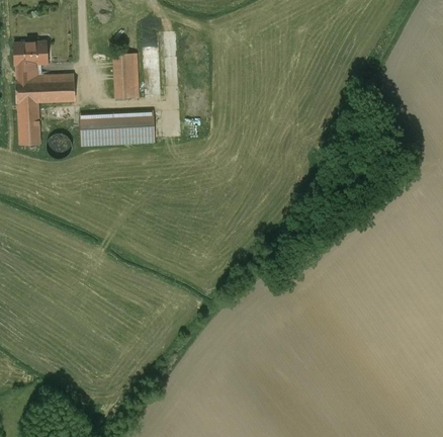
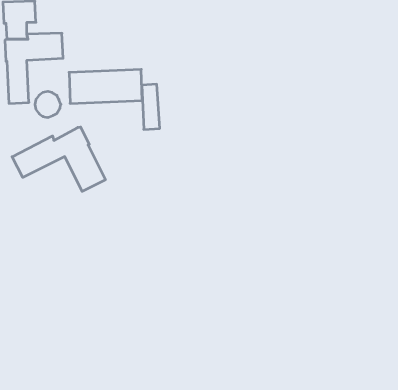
building: [114,54,132,99] -> [142,84,160,129]
building: none -> [12,127,105,191]

